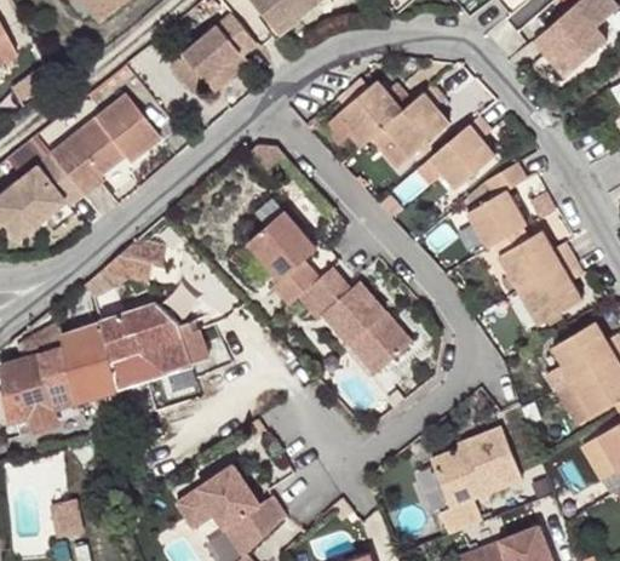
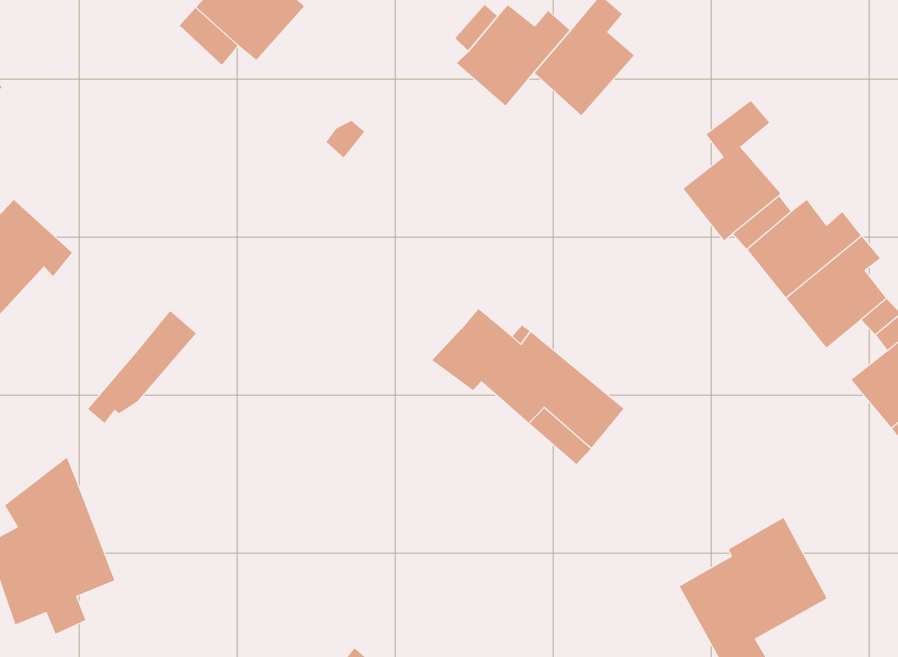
building: [52,96,160,195] -> none
building: [431,119,496,190] -> none
building: [249,211,317,304] -> none
building: [64,302,190,402] -> none

